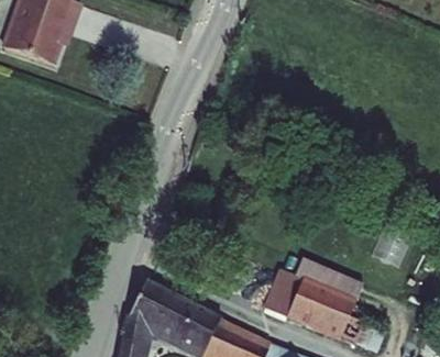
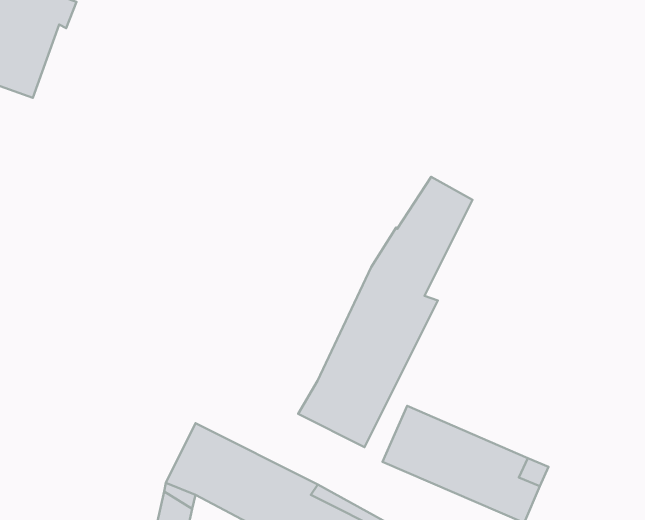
building: none -> [298,177,473,447]

